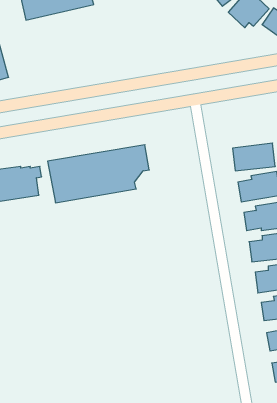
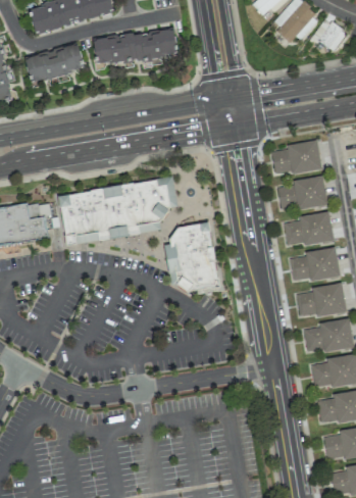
building: none -> [92,29,176,67]
building: none -> [22,43,85,84]
building: none -> [271,141,320,176]
building: none -> [166,227,220,295]

